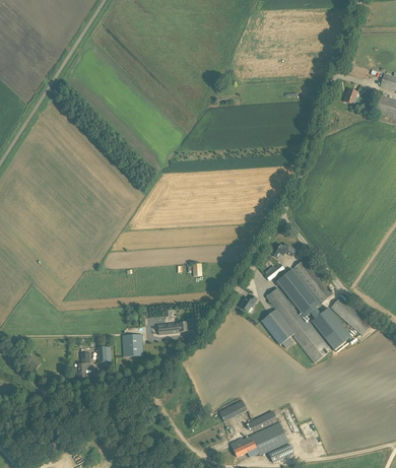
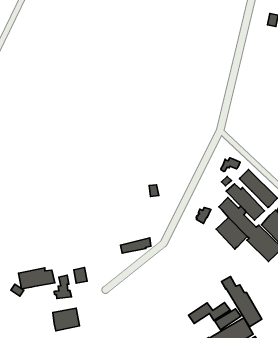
building: [123,334,143,356] -> none
building: none -> [19,268,55,289]
building: none -> [221,276,262,327]
building: none -> [53,308,79,331]

